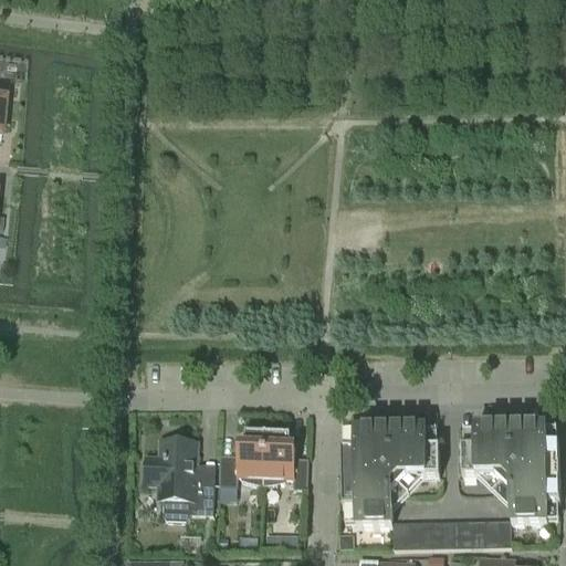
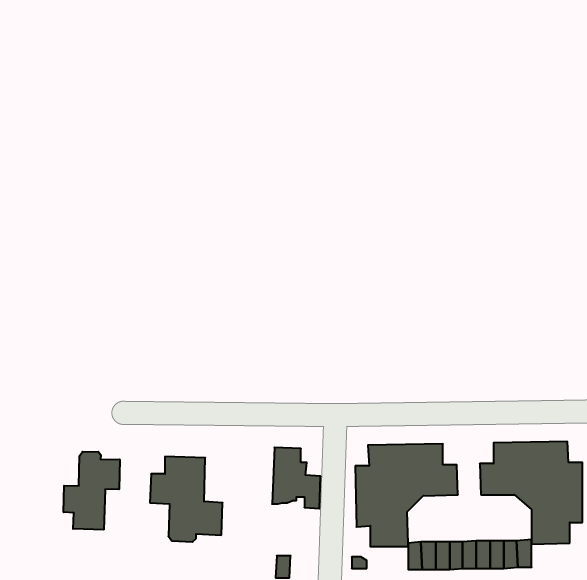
building: [218,428,263,484] -> none
building: none -> [64,452,120,530]

